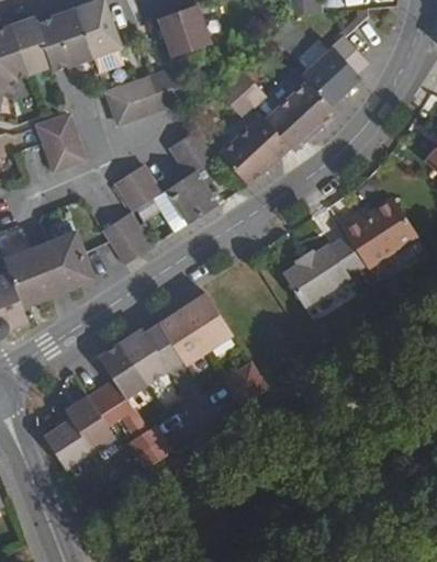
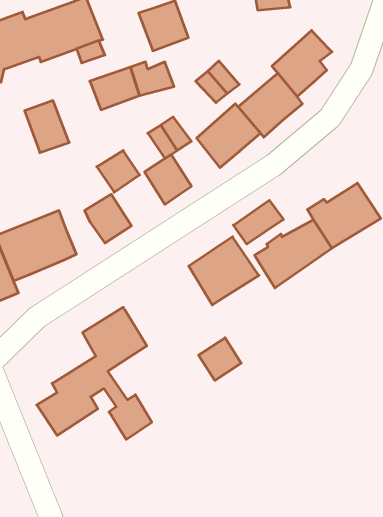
building: none -> [233,200,283,244]
building: [157,295,233,369] -> [189,237,259,305]

